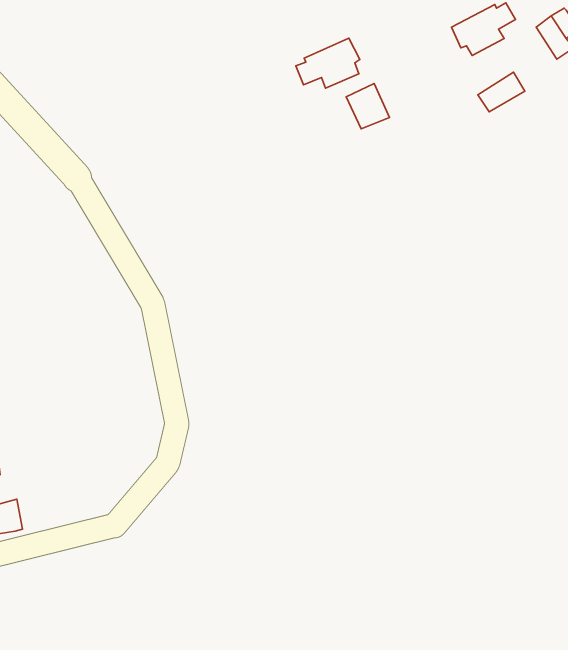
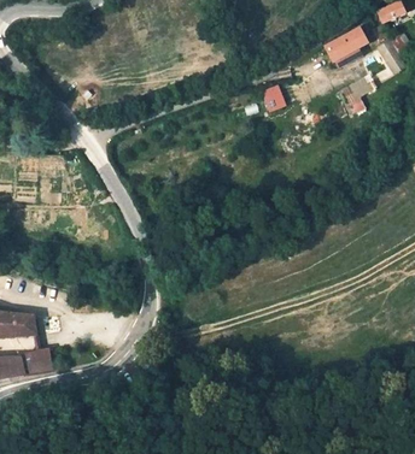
building: [296,38,360,88] -> none

